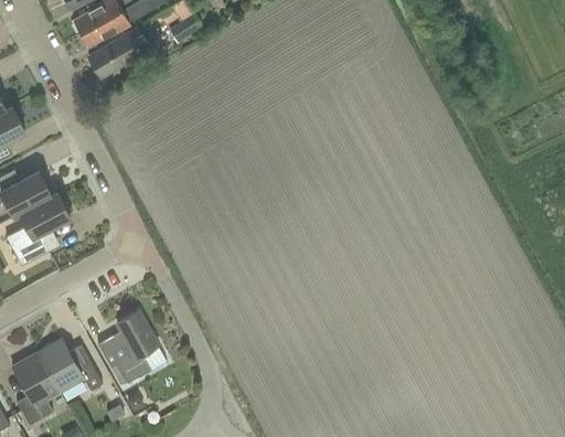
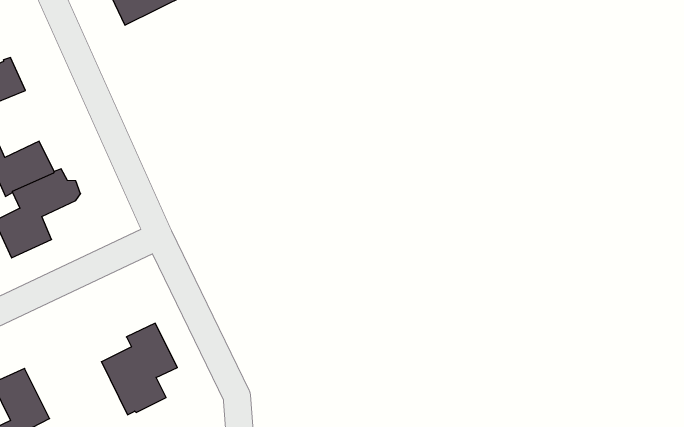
building: [36,339,102,392] -> none

